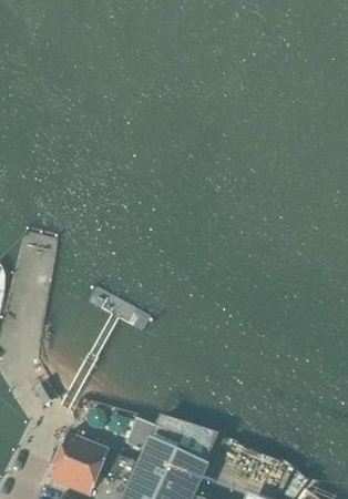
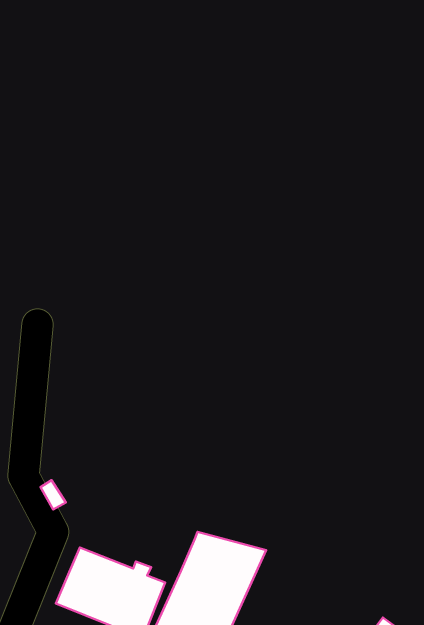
building: [125,418,157,452] -> none

